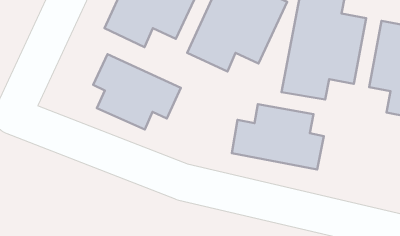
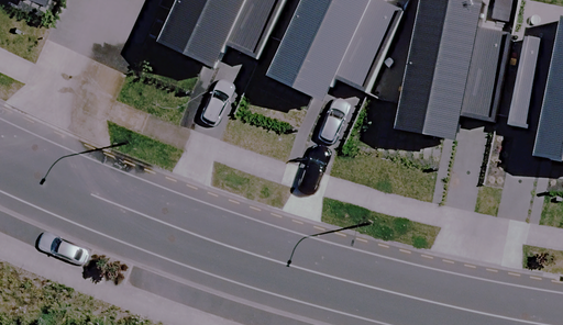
building: [93,54,181,129] -> none
building: [232,104,324,169] -> none

